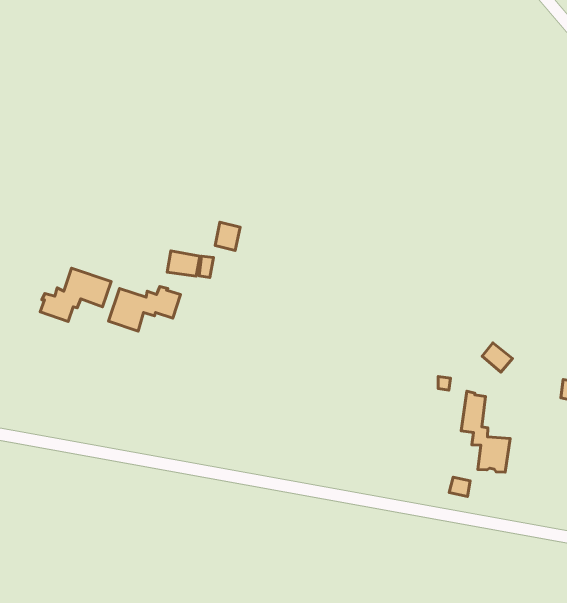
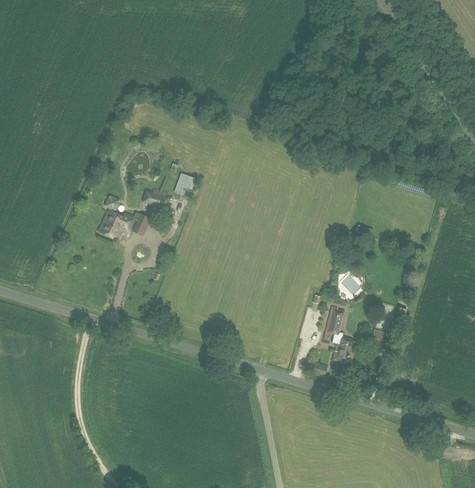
building: [40,268,111,321] -> none

